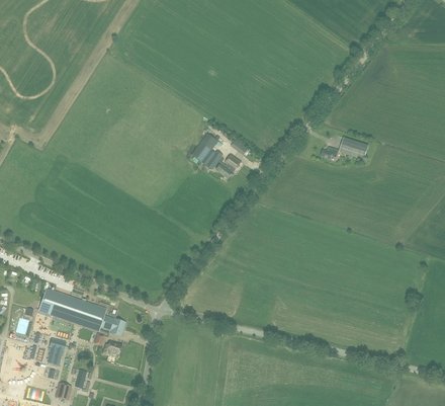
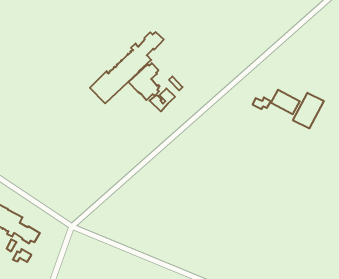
building: none -> [90,32,164,103]
building: none -> [293,93,324,128]

